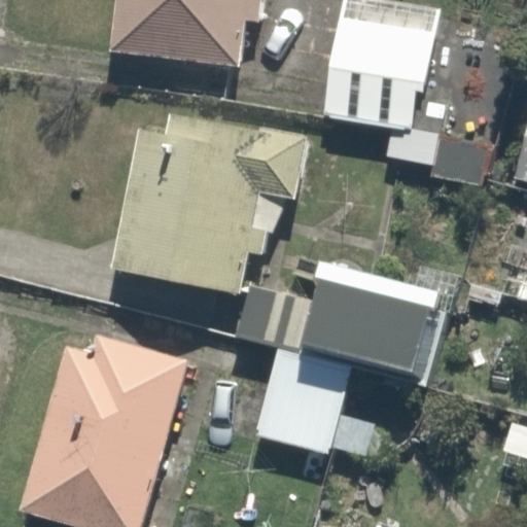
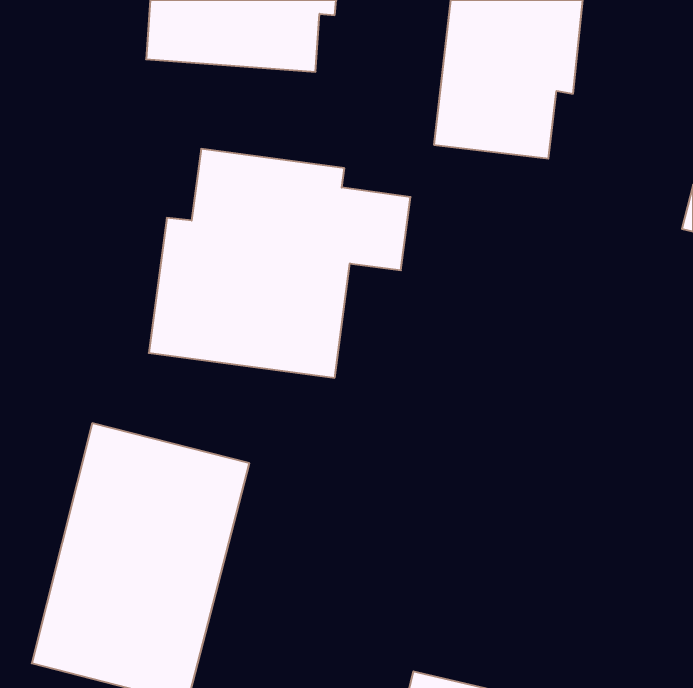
building: [306,245,445,355] -> none
building: [255,361,365,486] -> none

